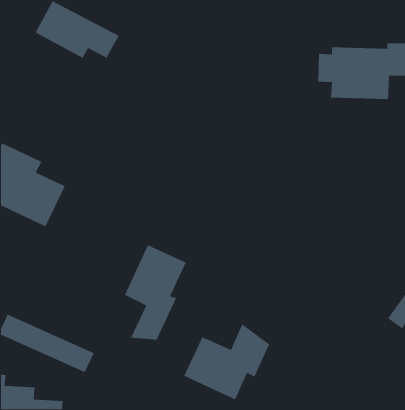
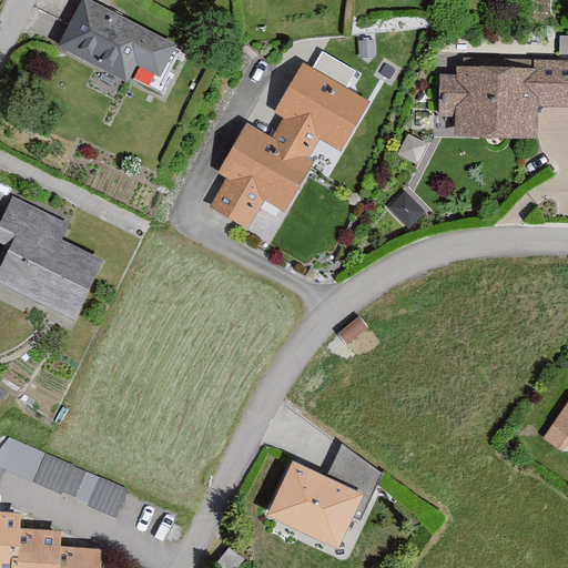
building: none -> [207,51,369,232]
building: [124,244,187,341] -> none

